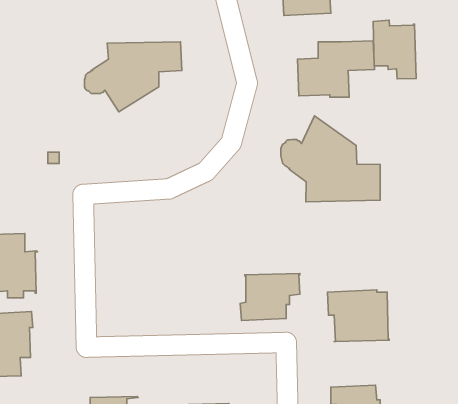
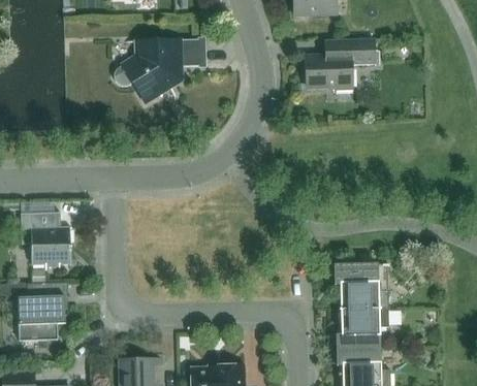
building: [373,20,416,79] -> none
building: [281,116,380,202] -> none
building: [240,274,300,321] -> [336,308,389,350]

